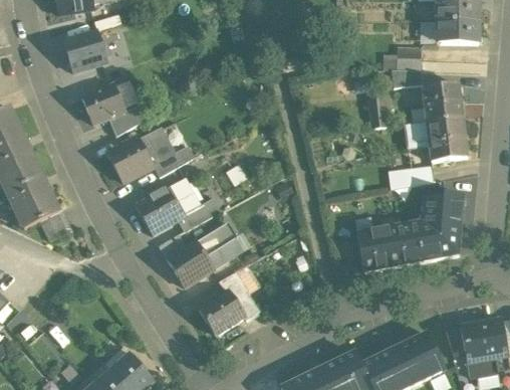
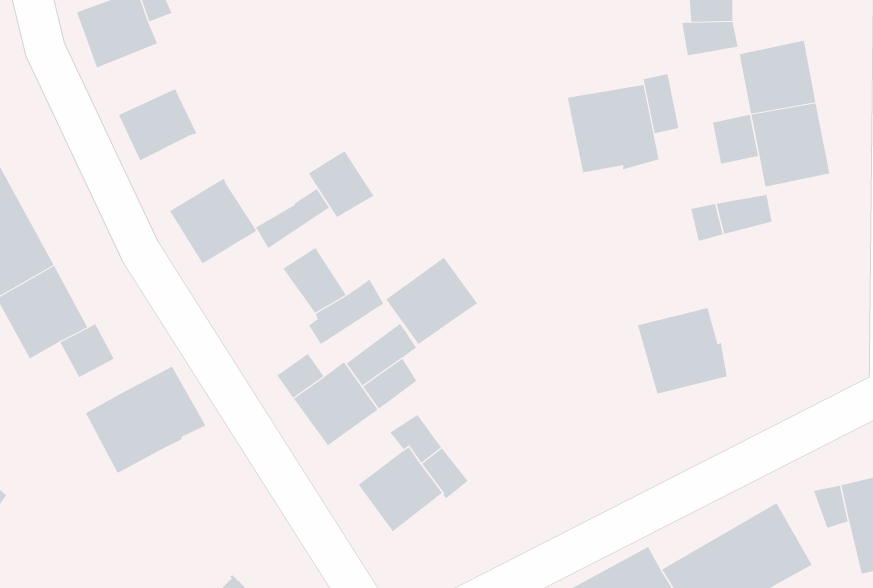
building: none -> [567,84,659,173]
building: [108,105,148,136] -> none
building: [139,129,175,165] -> [308,151,376,218]
building: [135,187,183,235] -> none
building: none -> [386,257,478,345]
building: [396,193,463,263] -> none
building: none -> [85,366,206,474]

